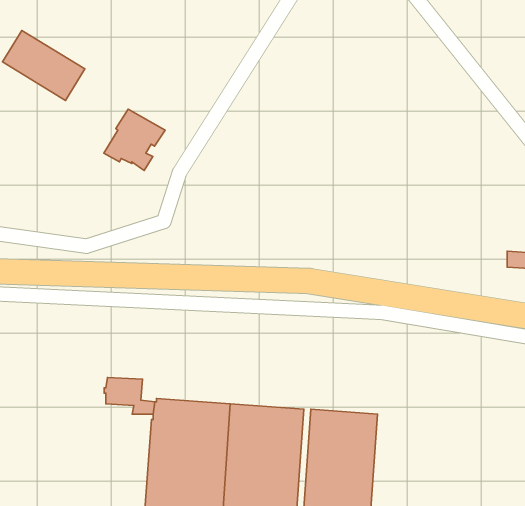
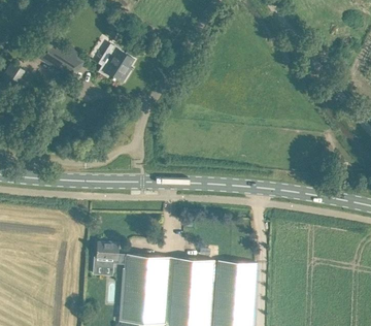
building: [104,109,165,171] -> [98,45,134,82]

